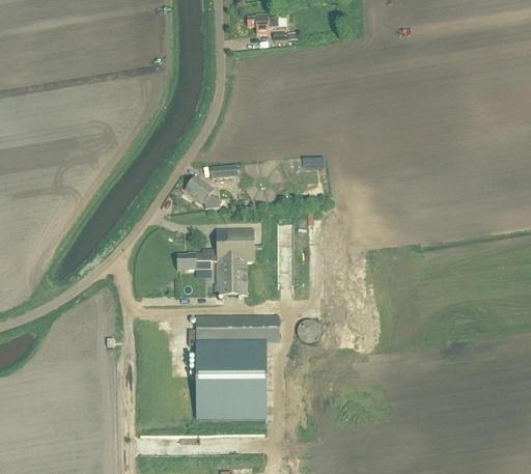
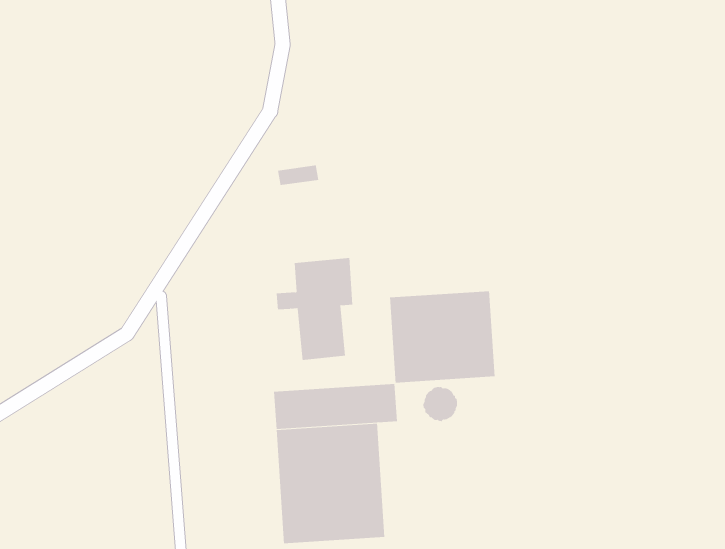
building: [186,177,219,208] -> none
building: [177,252,212,270] -> none
building: none -> [390,290,495,383]

